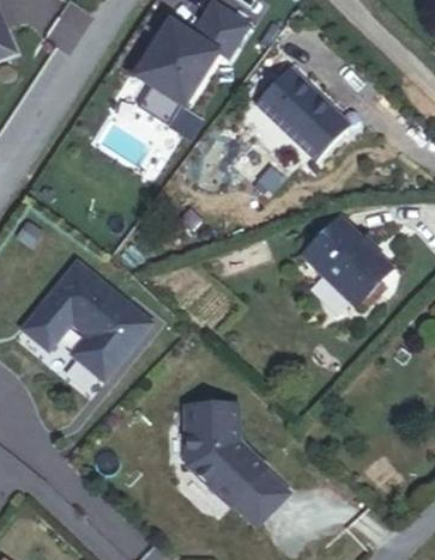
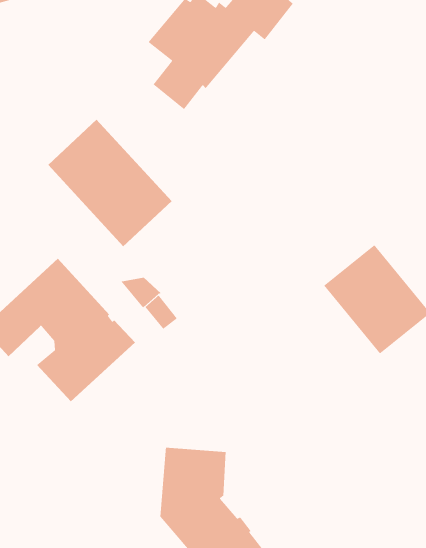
building: [244,44,348,160] -> none
building: none -> [47,119,172,247]

